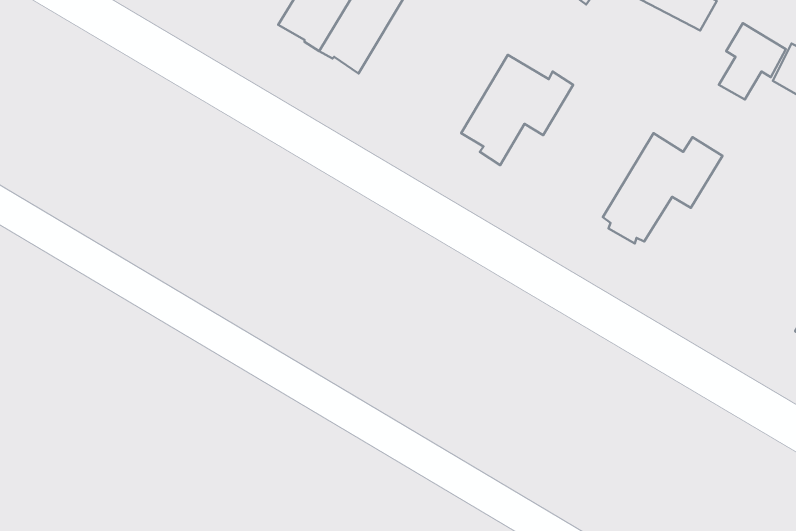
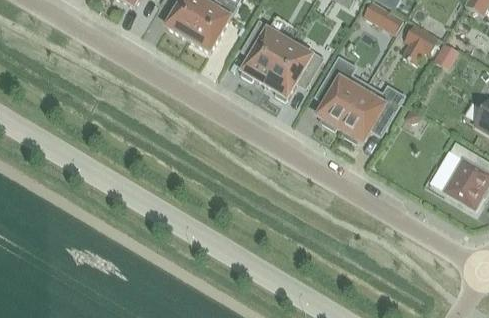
building: none -> [240,18,289,83]
building: none -> [318,56,367,129]

